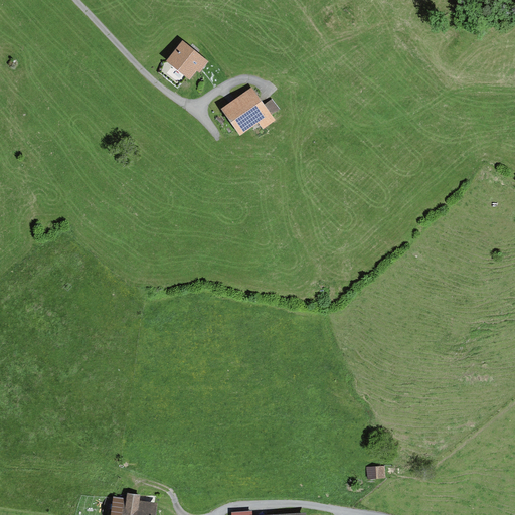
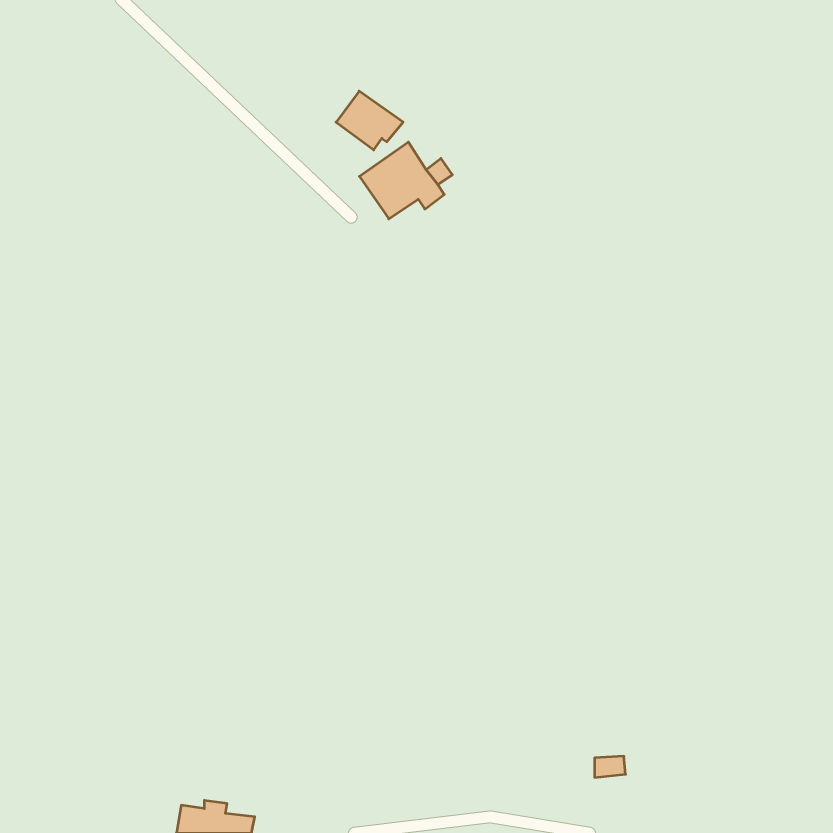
building: [167,42,208,78] -> [336,91,403,150]

